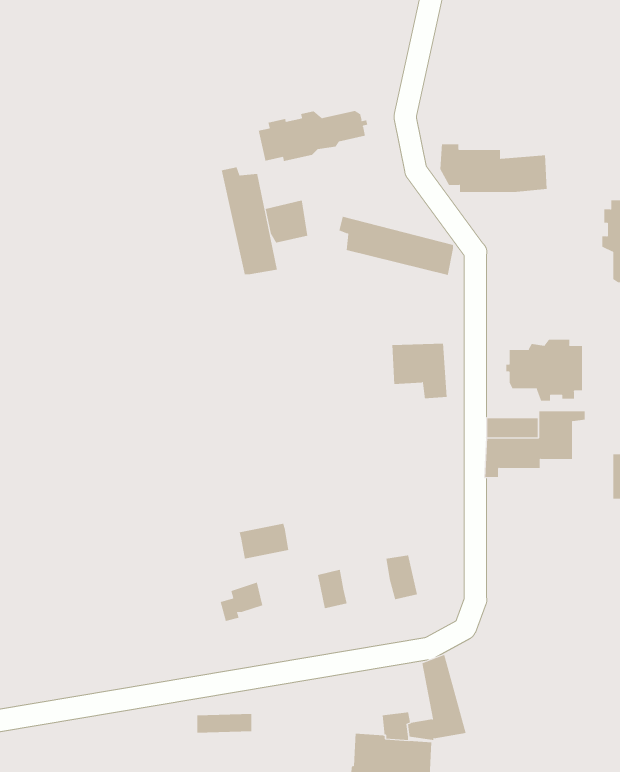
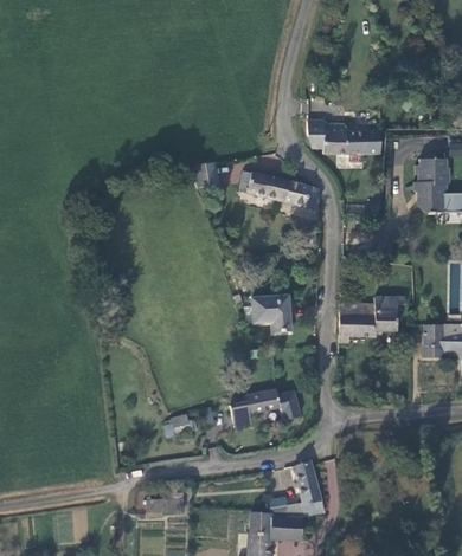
building: [258,110,368,162] -> none
building: [221,166,278,275] -> none
building: [506,339,582,402] -> none
building: [392,343,447,399] -> [252,297,289,334]
building: [239,523,289,559] -> [242,390,275,414]

